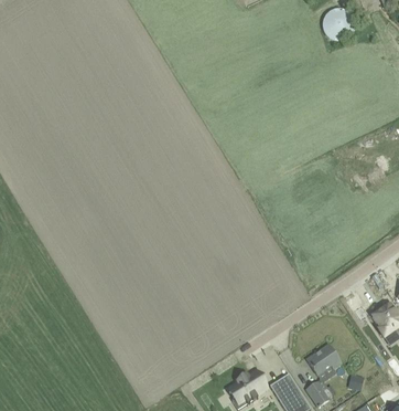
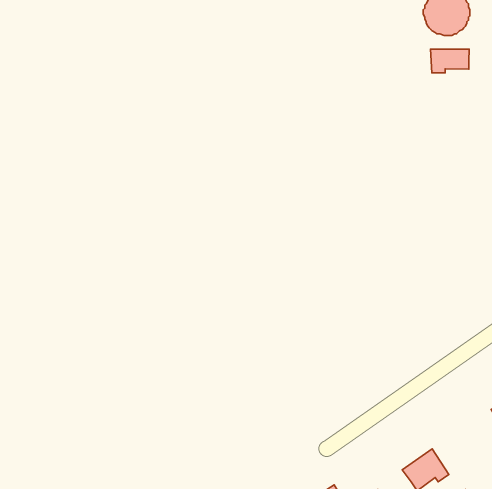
building: none -> [431,49,469,73]

